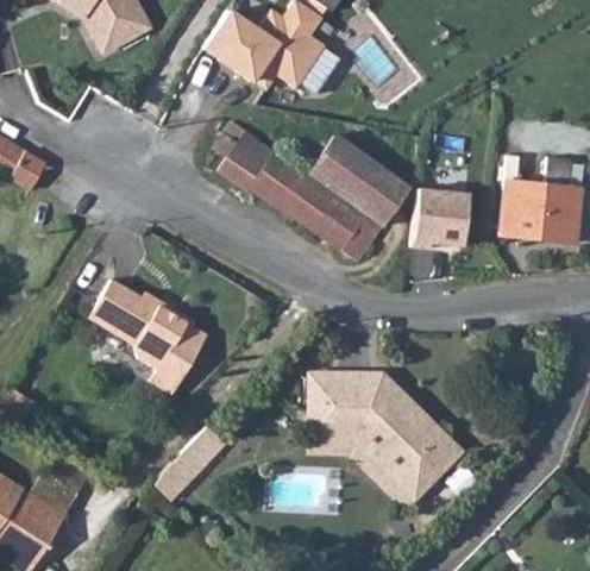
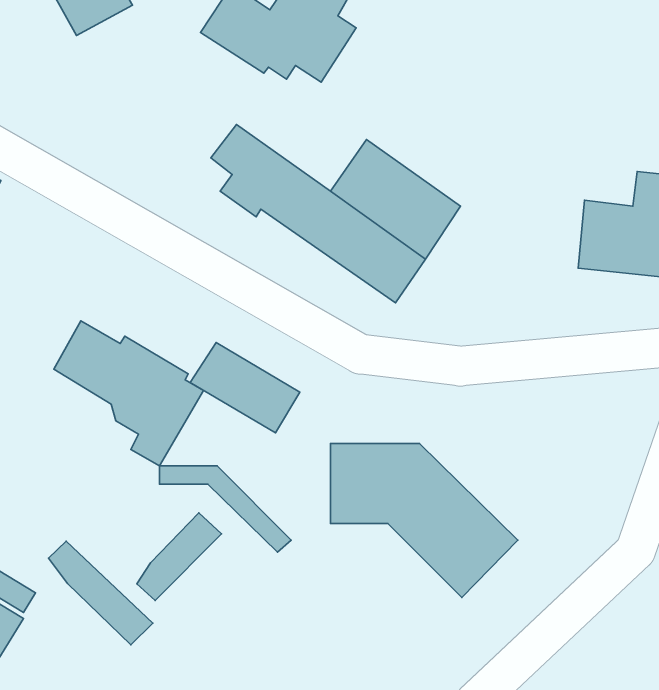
building: [413,190,469,250] -> none
building: none -> [190,342,300,433]
building: [308,437,412,504] -> [160,466,291,552]
building: none -> [48,541,153,645]

